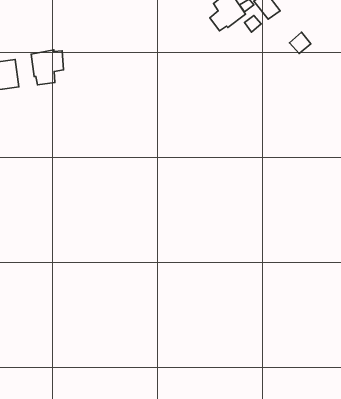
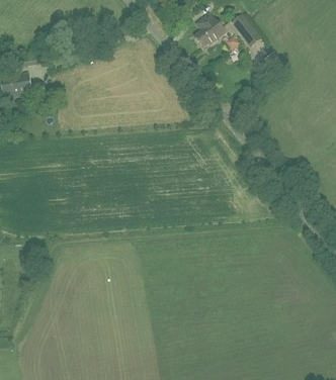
building: [31,50,64,85] -> none

